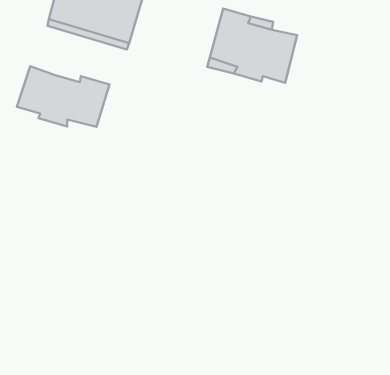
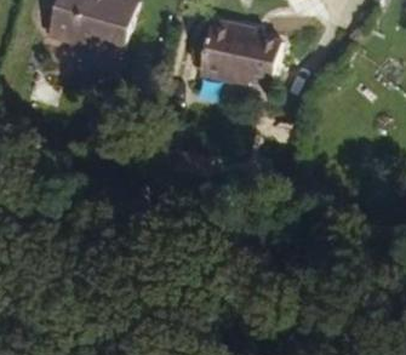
building: [17,66,110,127] -> none

